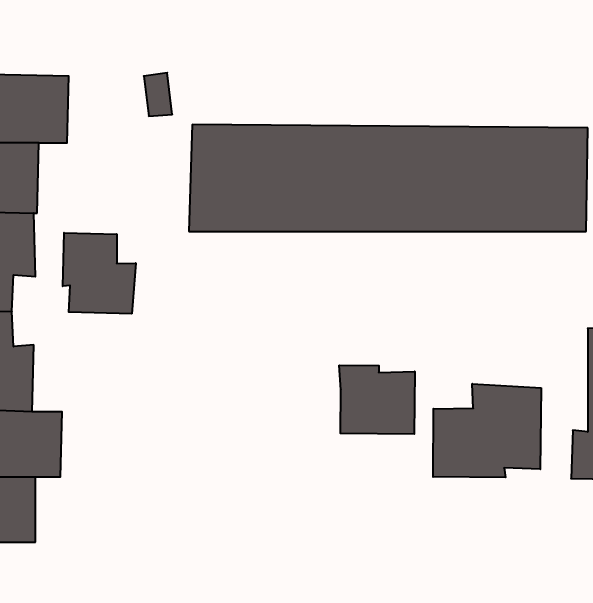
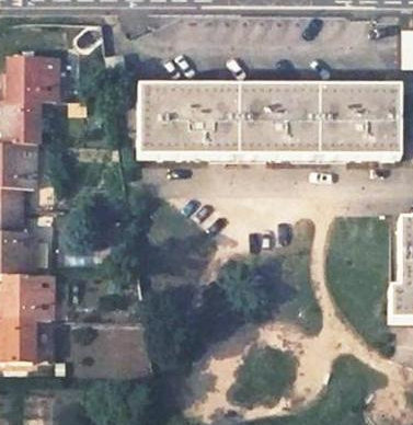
building: [63,233,136,314] -> none
building: [339,365,415,434] -> none
building: [433,384,541,477] -> none

